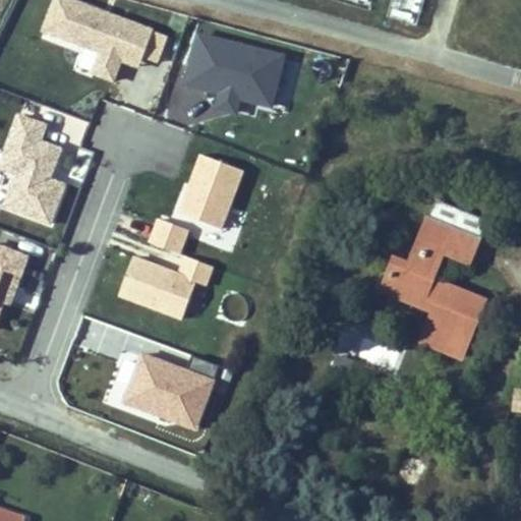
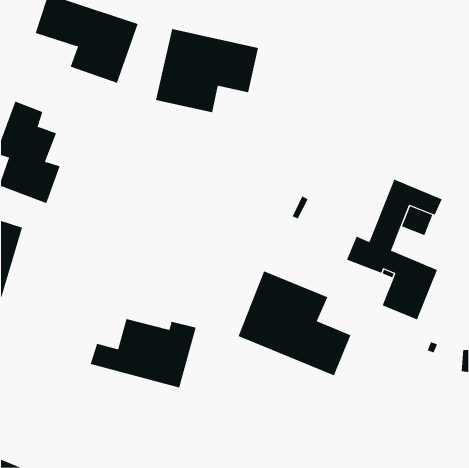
building: [175,153,244,231] -> none
building: [114,218,214,320] -> none
building: none -> [238,271,351,376]

